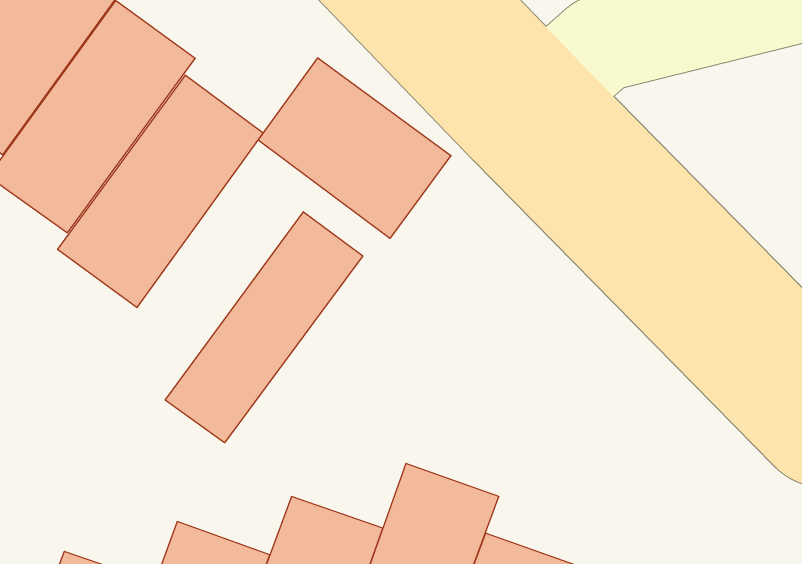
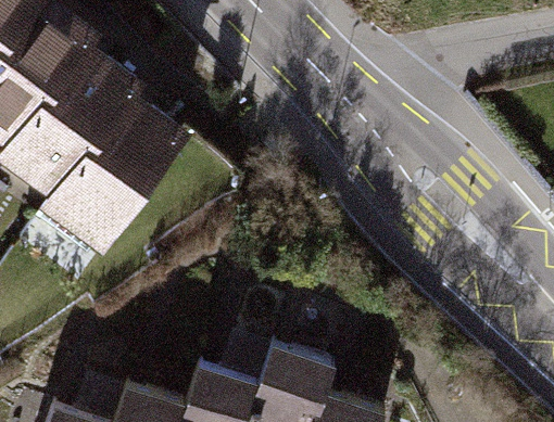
building: [258,58,451,238] -> none
building: [165,212,363,443] -> none

